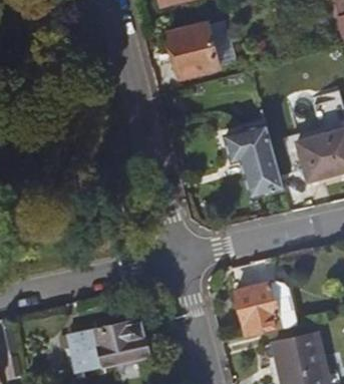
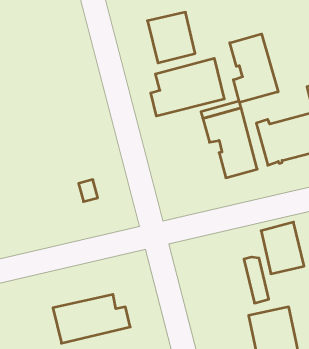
building: none -> [230,34,278,103]
building: none -> [151,58,224,116]
building: [235,283,280,337] -> [261,222,304,274]

